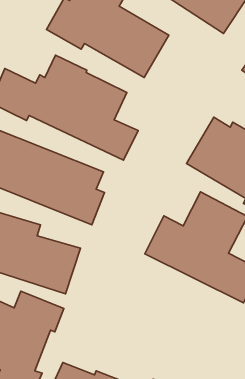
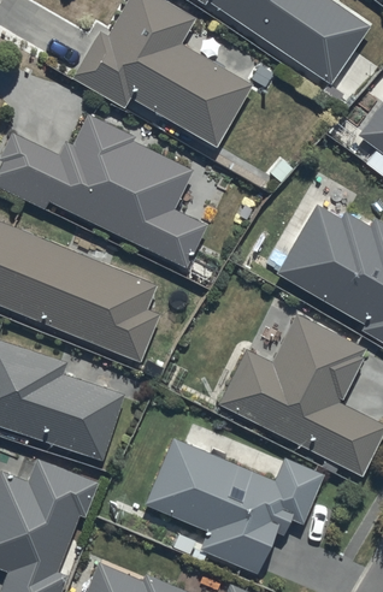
building: none -> [145,437,324,576]

